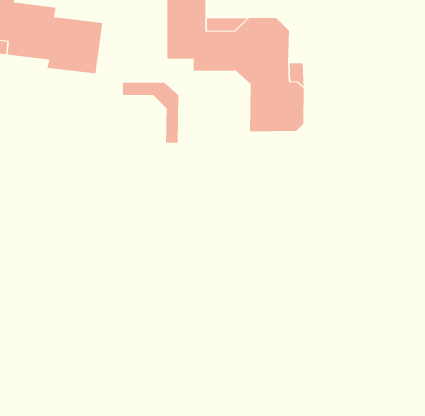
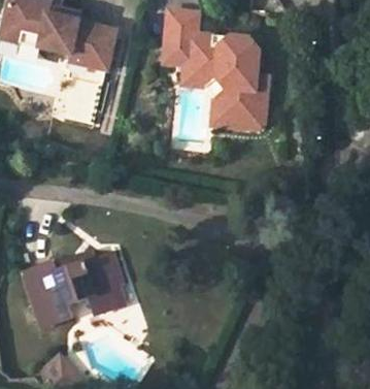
building: [122,82,179,143] -> [180,74,225,126]
building: none -> [25,253,127,327]

